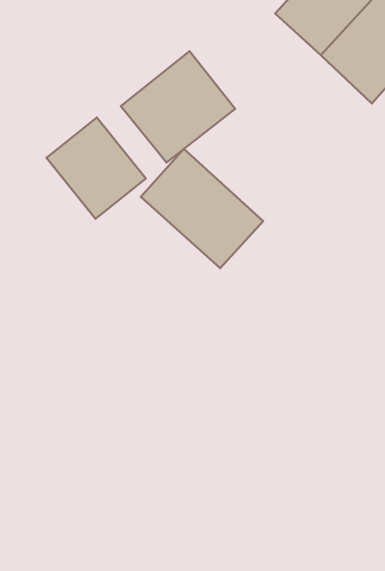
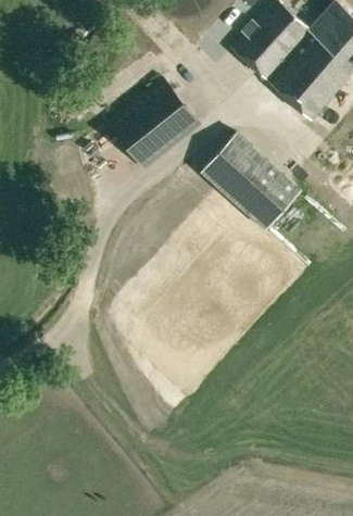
building: [46,118,146,219] -> none
building: [141,149,263,268] -> [201,131,300,228]

